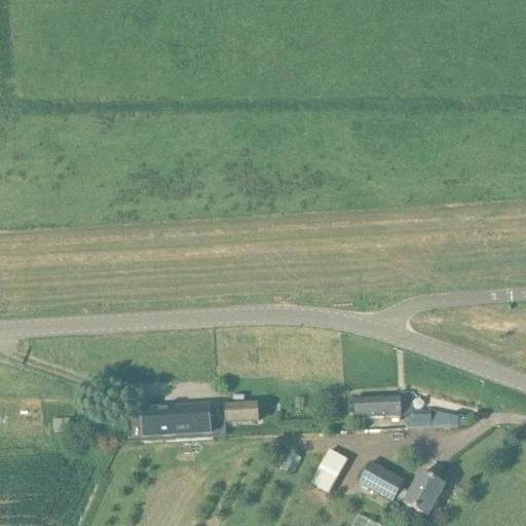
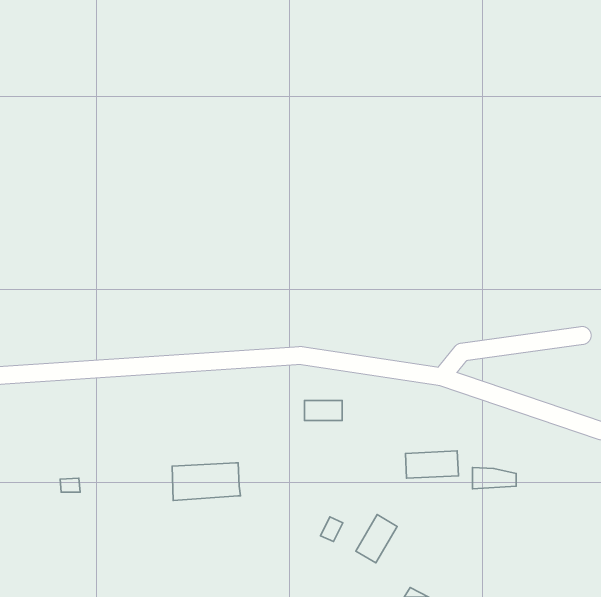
building: [226,402,259,419] -> [304,400,342,420]
building: [358,460,444,516] -> none

